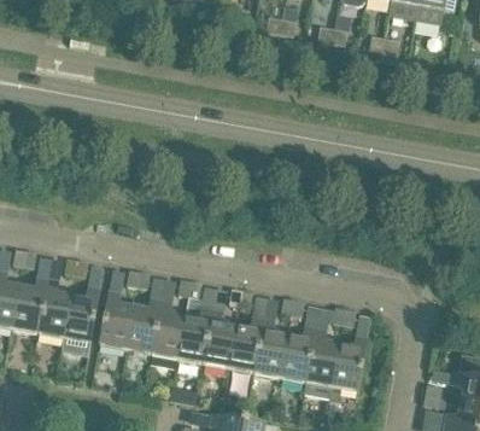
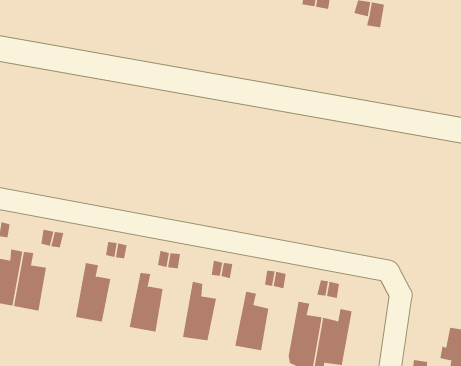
building: [60,286,99,354] -> none
building: [124,297,160,353] -> none
building: [176,307,211,362] -> none
building: [227,316,263,371] -> none
building: [279,325,314,380] -> none

